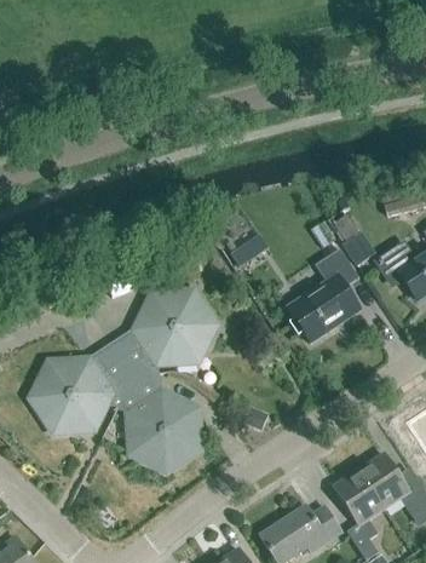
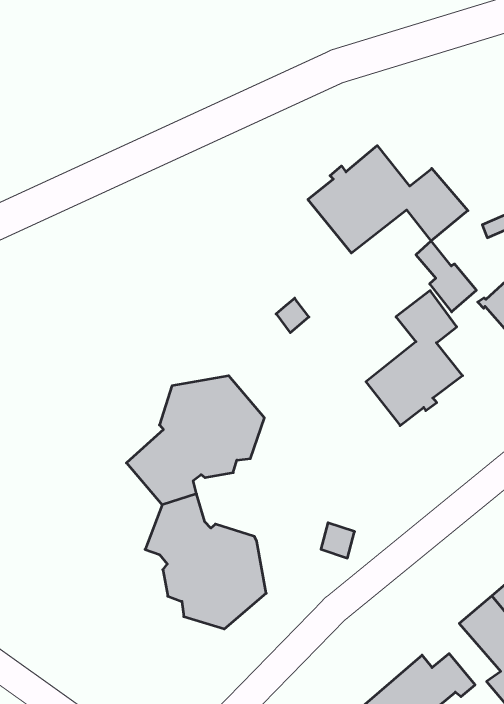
building: none -> [308,146,468,253]
building: [31,345,133,433] -> none

